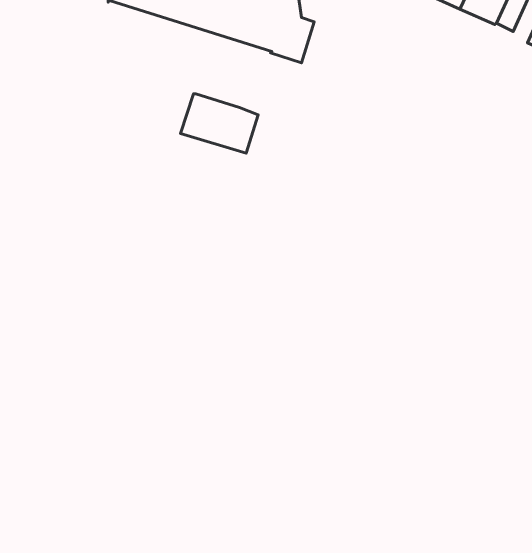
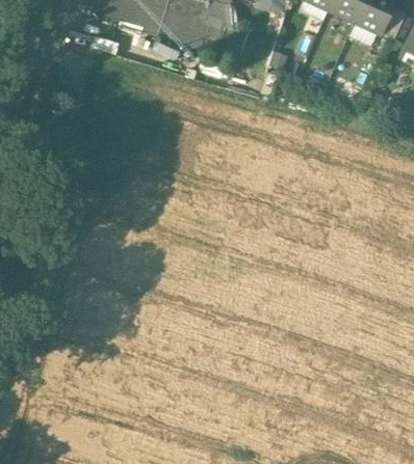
building: [180,94,258,153] -> none

